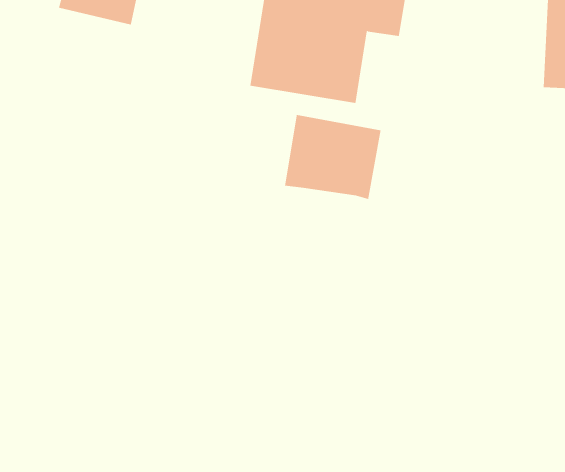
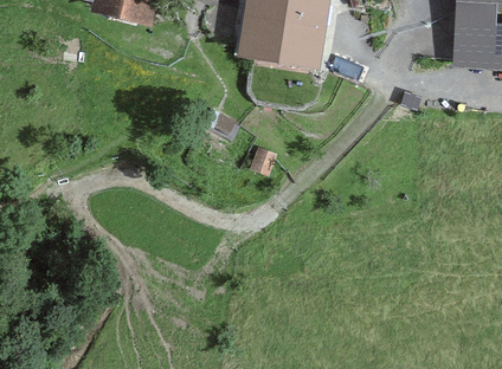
building: [285,114,381,200] -> none

